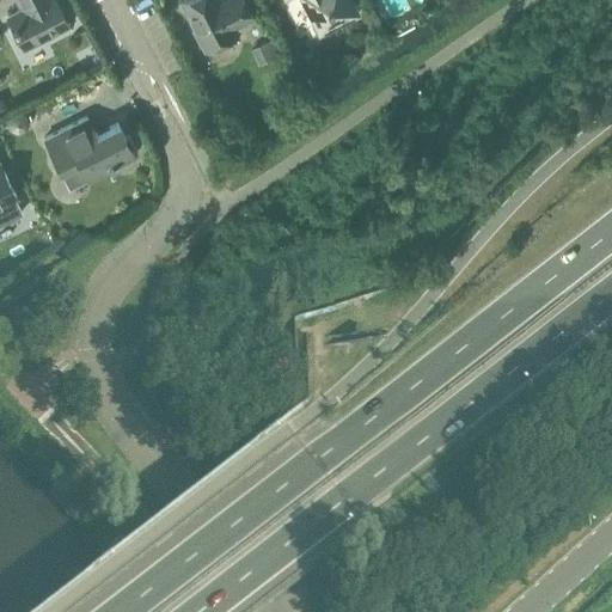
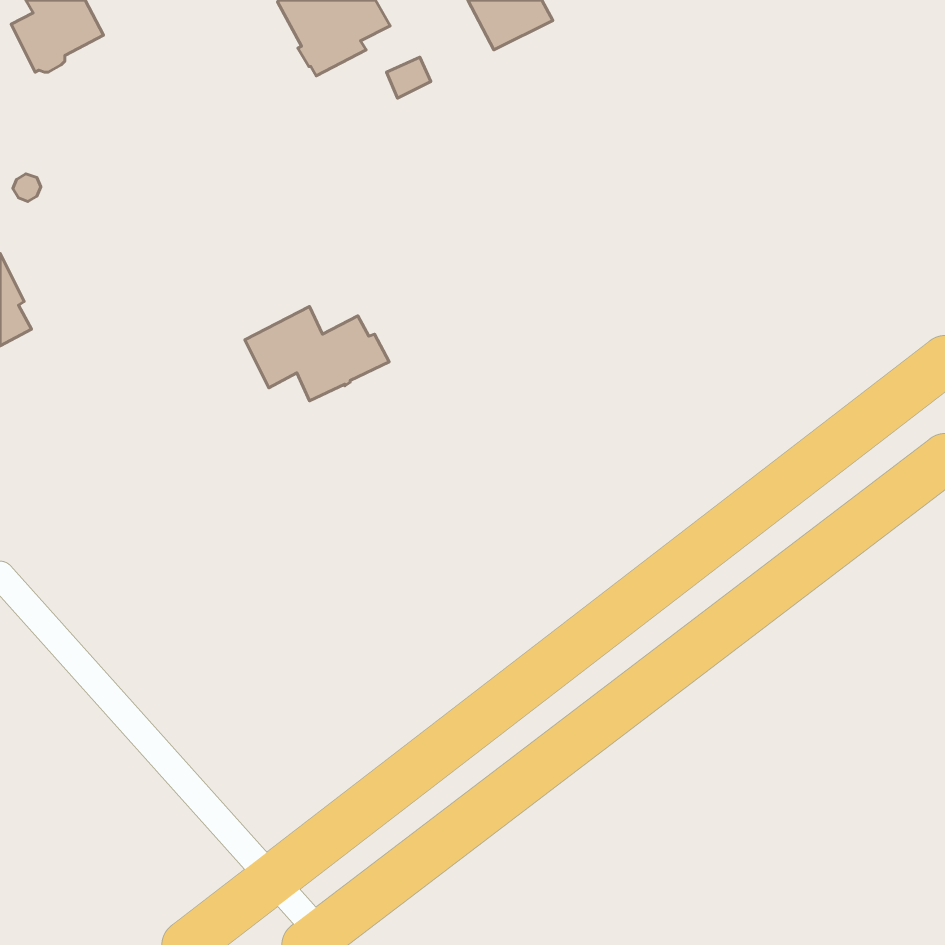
building: [44,116,137,177] -> [245,306,389,401]

